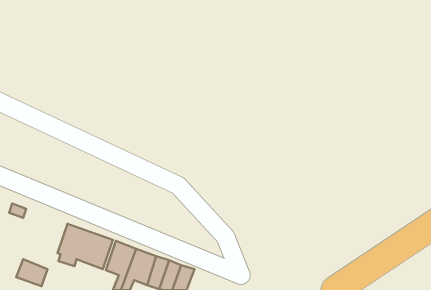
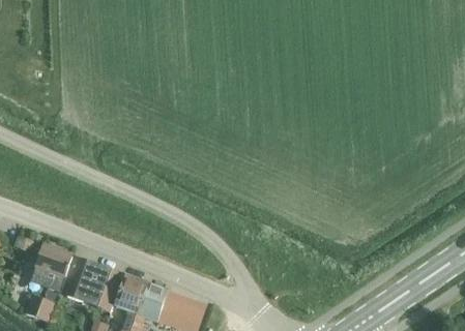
building: none -> [32,245,71,285]

